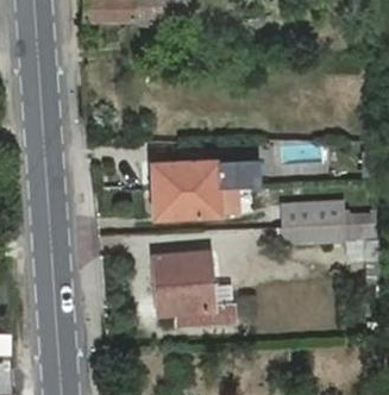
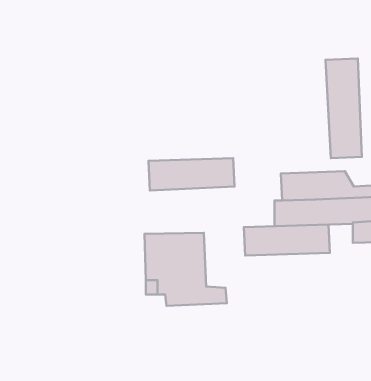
building: none -> [326,58,362,158]
building: [158,159,238,188] -> [244,225,330,255]

